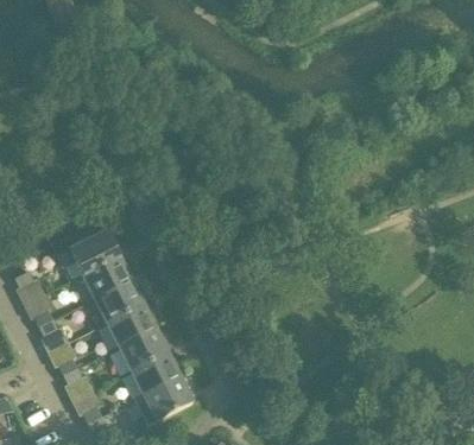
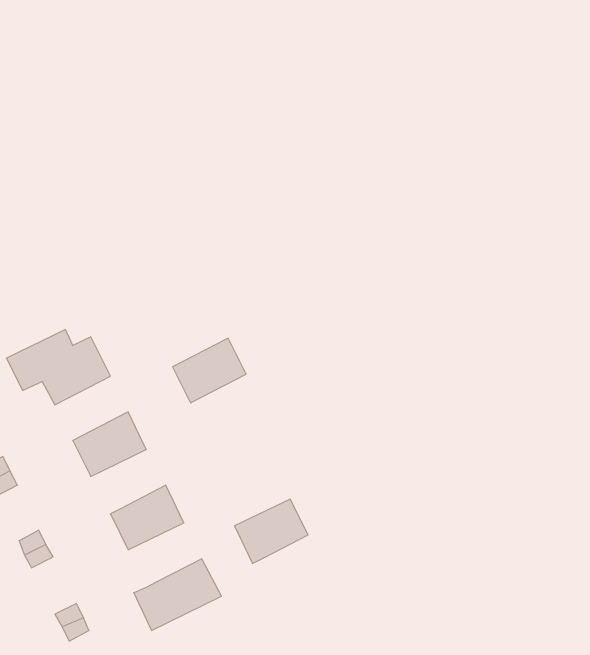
building: [83,258,132,300] -> [173,338,246,403]
building: [107,306,157,349] -> none
building: [132,355,181,398] -> [235,499,308,563]

